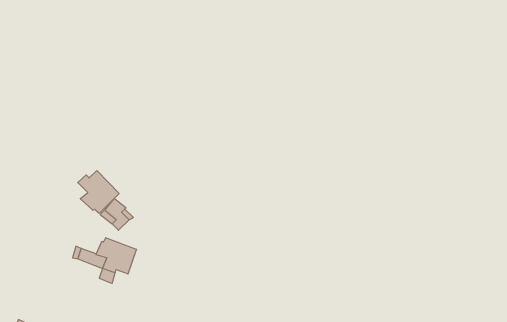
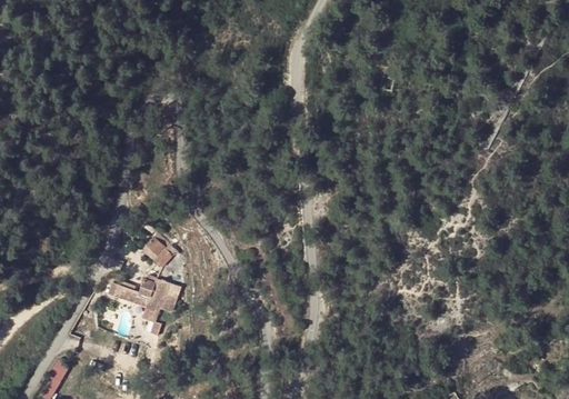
building: [78,171,119,213] -> none

